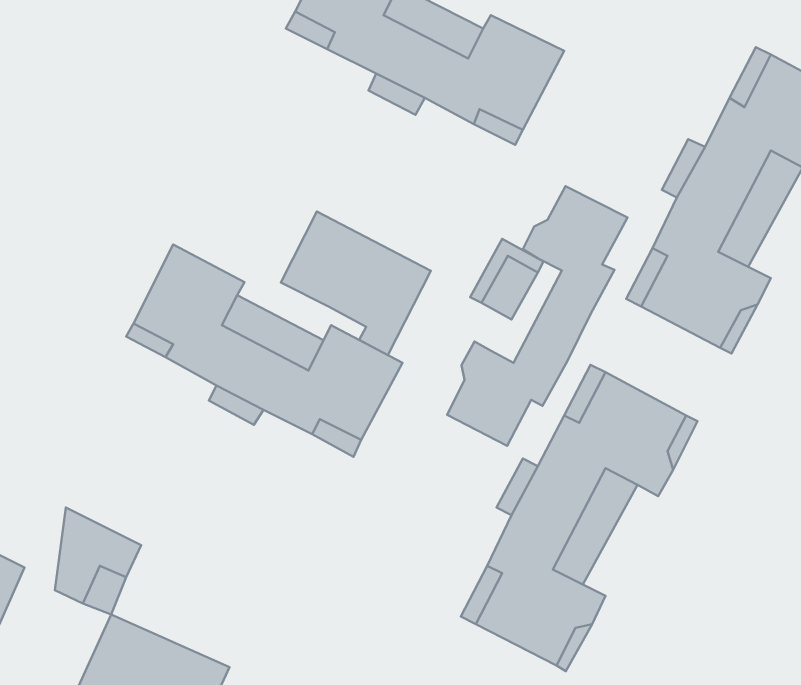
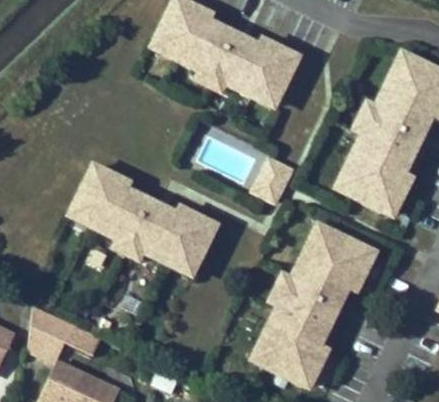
building: [447,186,628,446] -> none
building: [281,211,431,355] -> none

